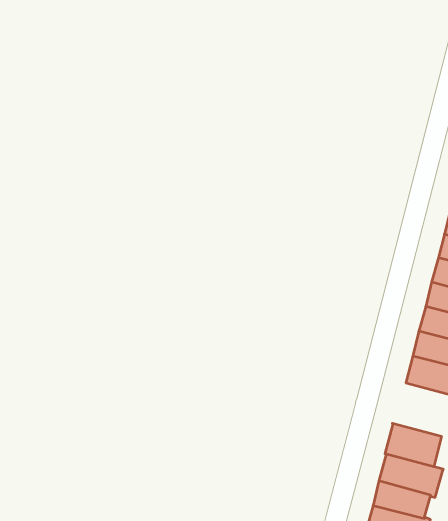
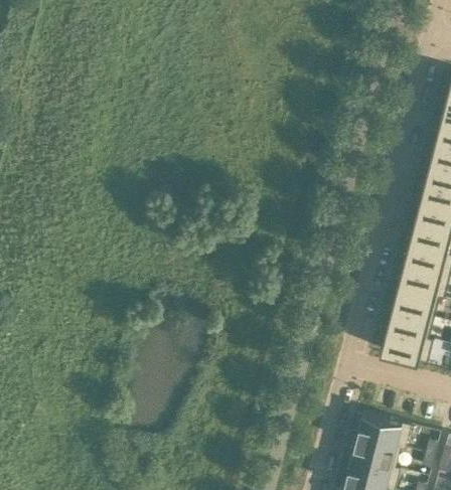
building: [385,423,441,467] -> none

